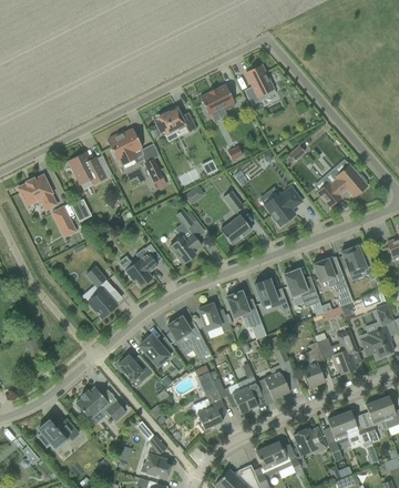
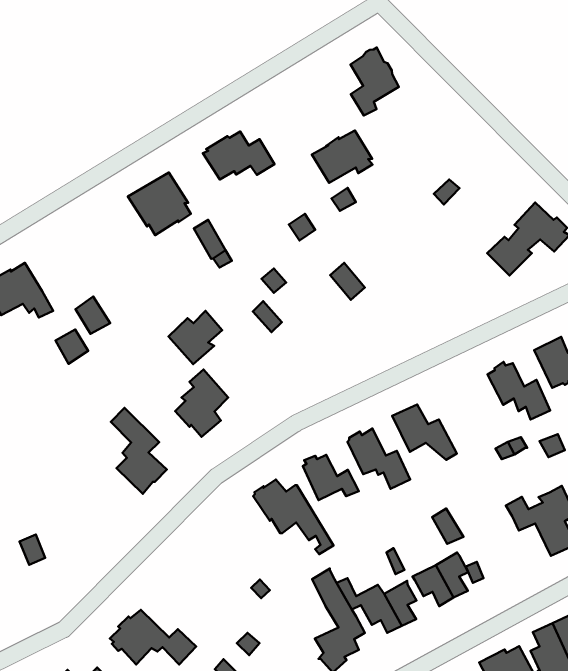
building: [200,84,235,114] -> [312,130,372,183]
building: [63,153,106,184] -> none
building: [264,187,303,226] -> none
building: [221,215,252,245] -> none
building: [170,233,202,264] -> [169,311,222,364]
building: [284,268,320,307] -> none
building: [140,334,175,366] -> none
building: [303,342,325,387] -> none
building: [114,355,154,382] -> none

